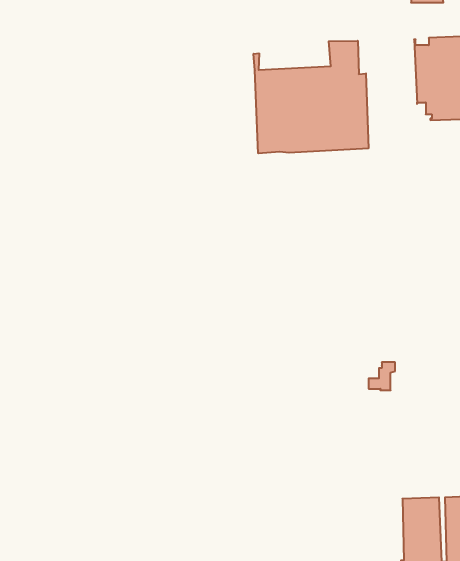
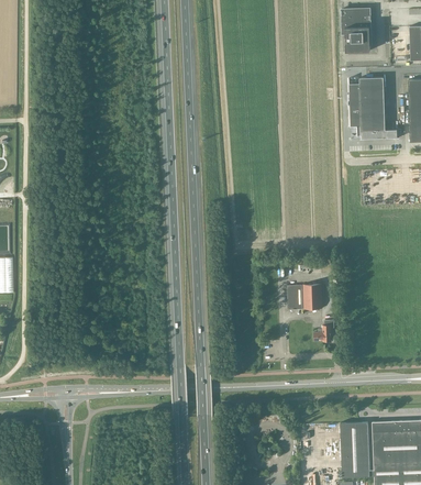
building: [254,41,368,153] -> none
building: none -> [286,284,322,309]

